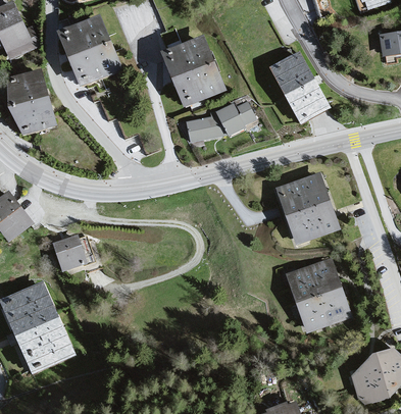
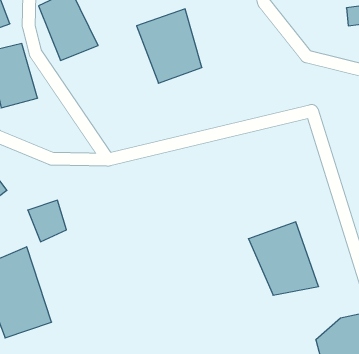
building: [270,52,327,119] -> none
building: [185,101,255,145] -> none
building: [275,172,337,241] -> none

